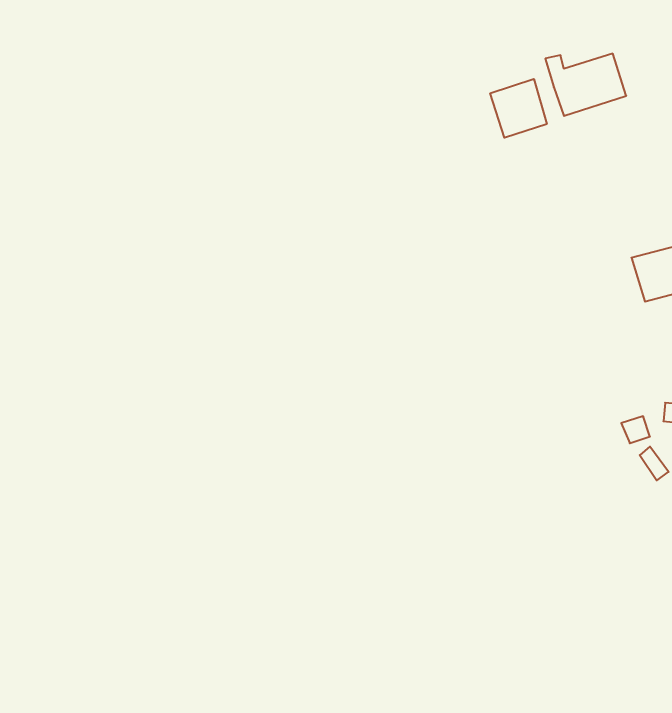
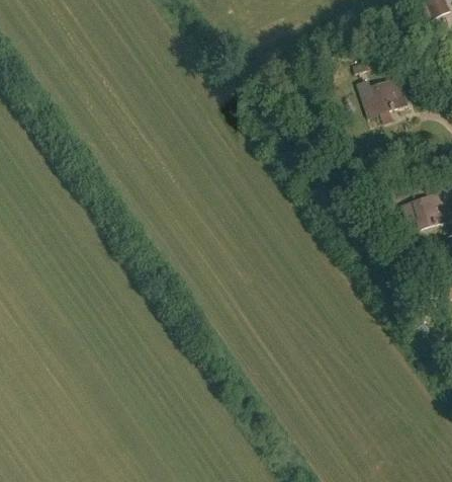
building: [490,79,547,138] -> none

